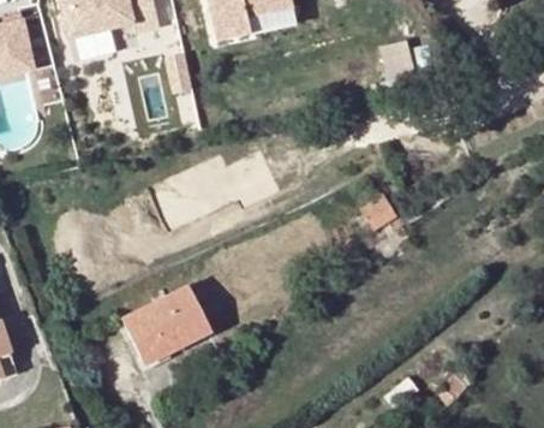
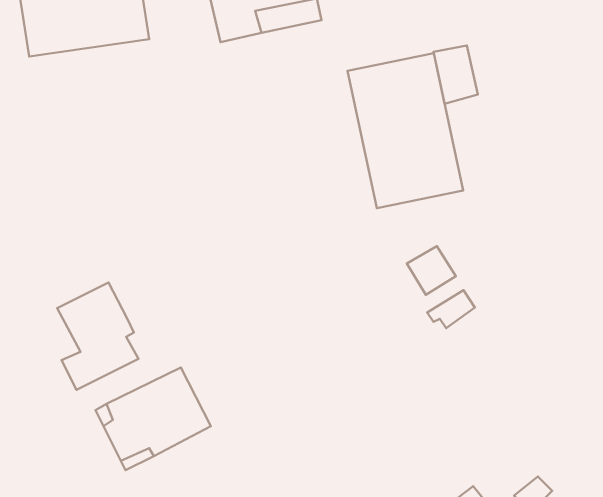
building: none -> [348,53,463,208]
building: none -> [57,282,138,390]

